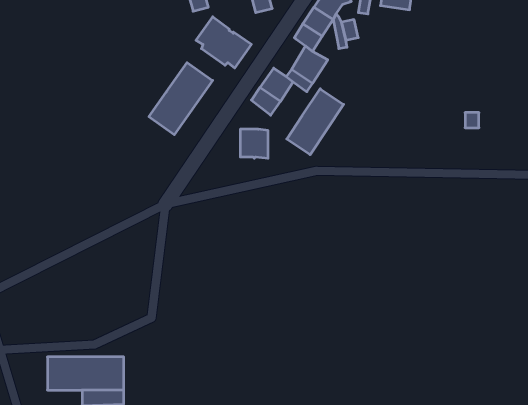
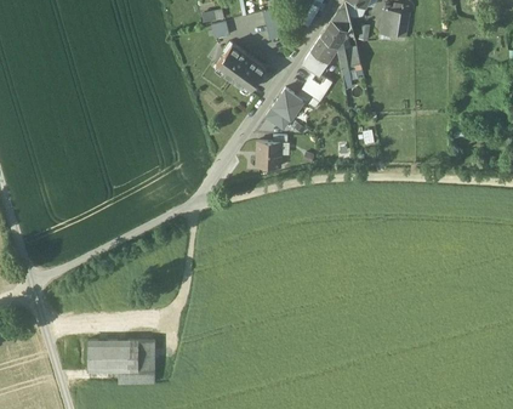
building: [149,63,213,135] -> none
building: [287,89,344,155] -> none

